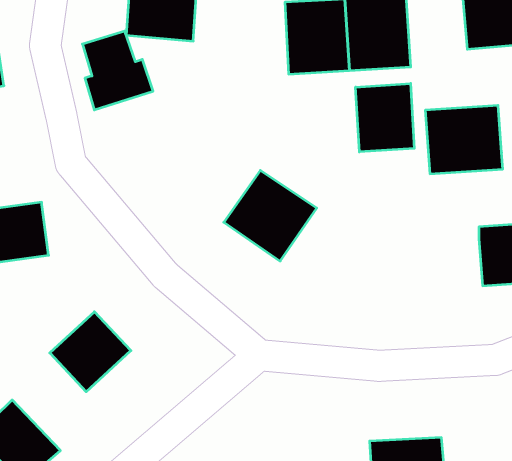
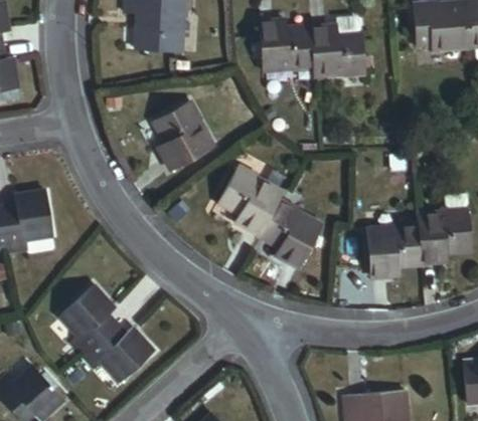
building: [82,31,153,110] -> [157,103,217,171]
building: [356,83,414,152] -> none
building: [425,105,503,174] -> [363,221,430,279]
building: none -> [256,195,334,273]
building: none -> [90,317,159,386]

